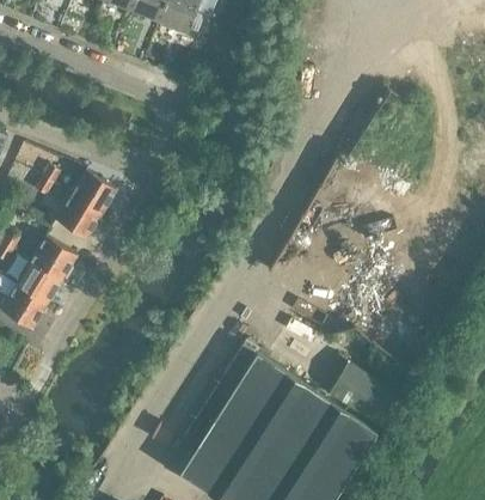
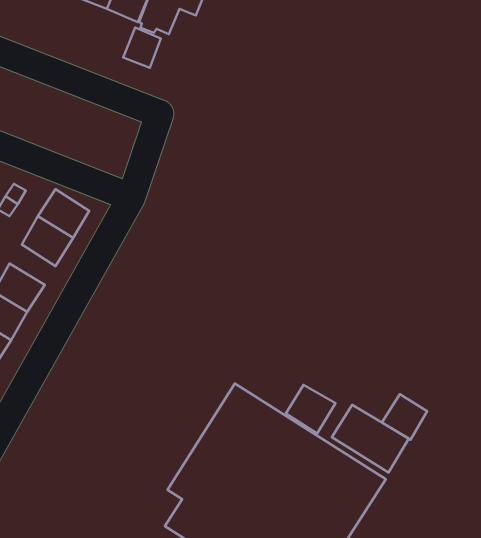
building: none -> [123,27,161,68]
building: none -> [286,385,335,433]
building: none -> [382,394,427,440]

